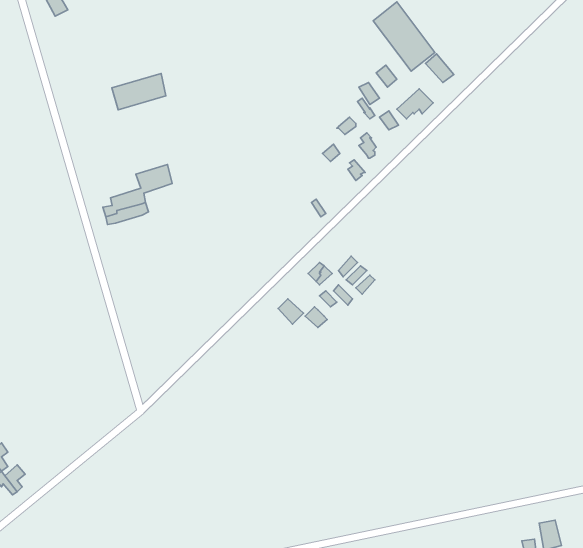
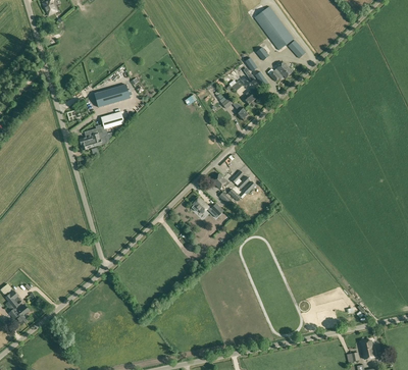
building: [112,74,166,110] -> [95,84,130,107]

